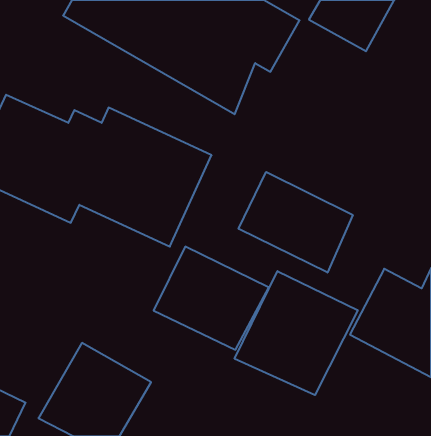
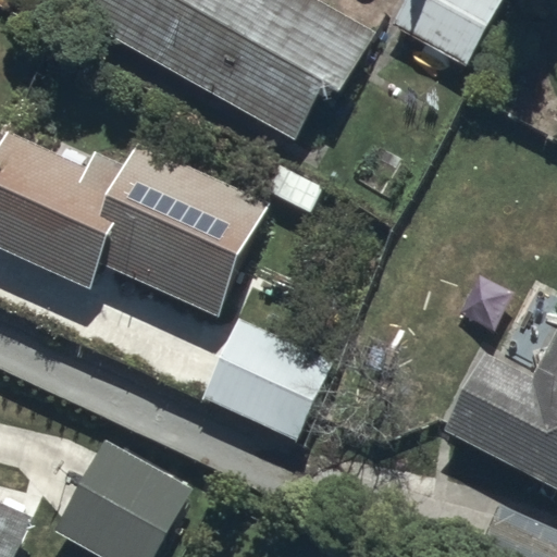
building: [239,172,353,273] -> none
building: [235,271,358,395] -> none

